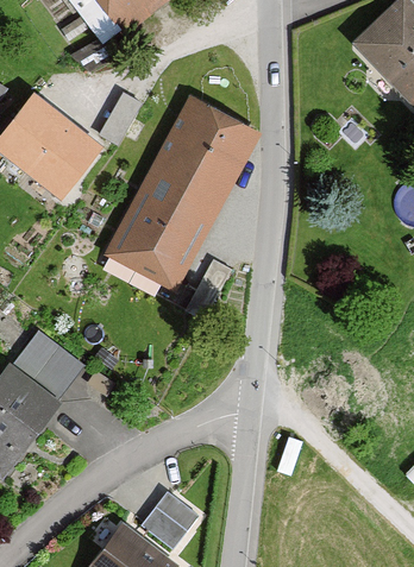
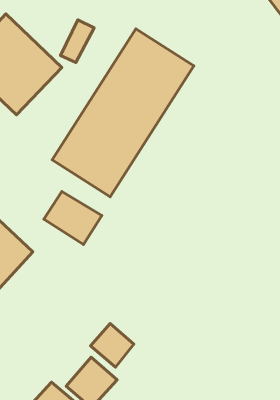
building: none -> [44,191,102,244]
building: none -> [90,323,134,367]

